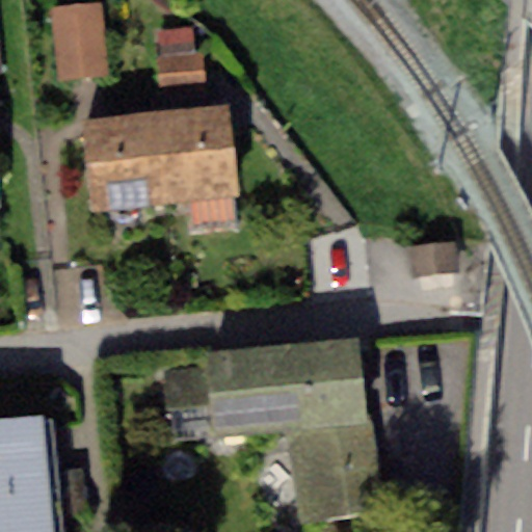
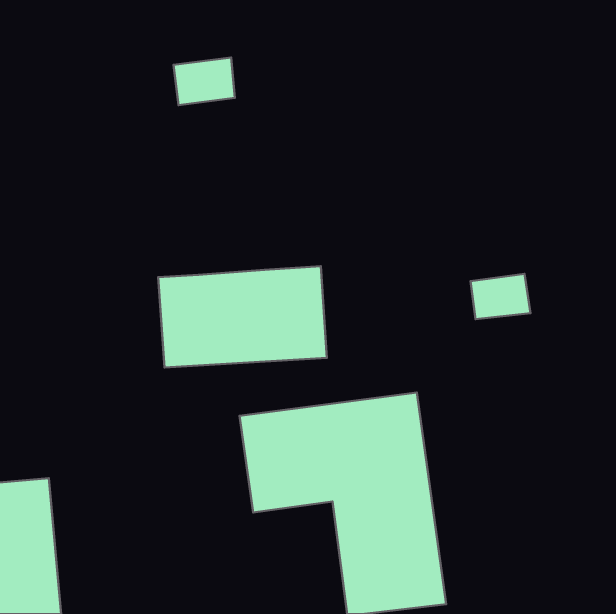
building: [52,4,107,80] -> none
building: [97,119,240,206] -> [158,266,327,368]

